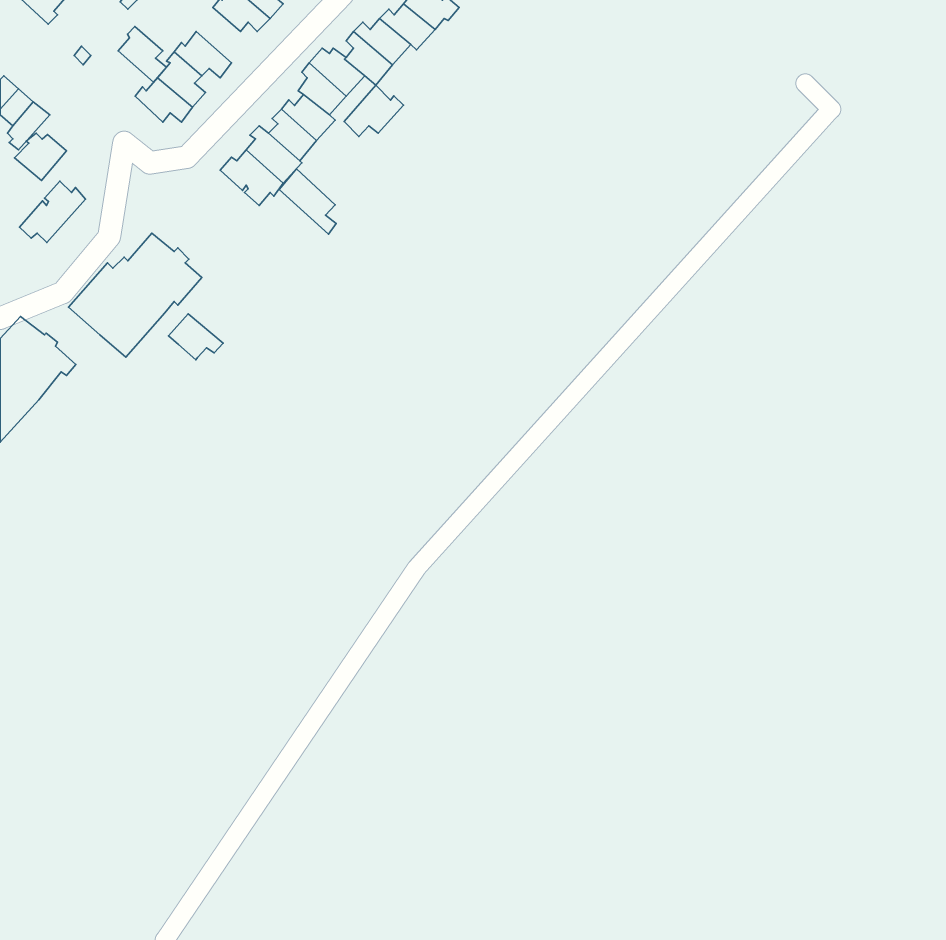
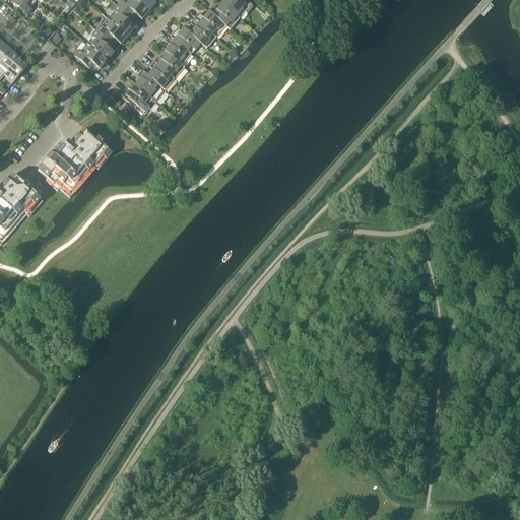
building: [118,27,166,82] -> [108,4,134,35]
building: [344,85,403,137] -> none
building: [14,133,67,181] -> none
building: [279,169,336,234] -> none
building: [19,181,85,243] -> none
building: [169,314,223,360] -> none

